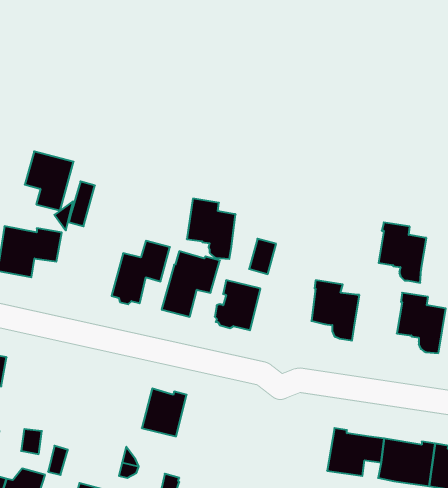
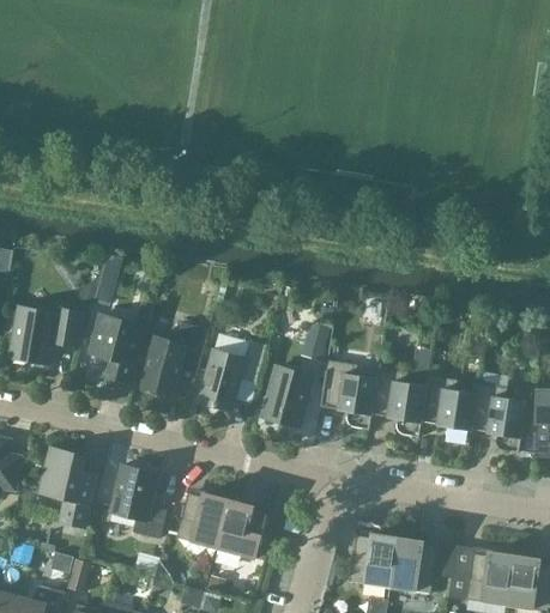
building: [25,151,74,211] -> [87,314,144,382]
building: [187,199,236,259] -> [319,359,375,429]
building: [379,222,426,283] -> [419,375,475,444]
building: none -> [38,448,96,527]
building: none -> [109,465,164,538]
building: none -> [214,499,266,558]
building: none -> [347,535,397,587]

